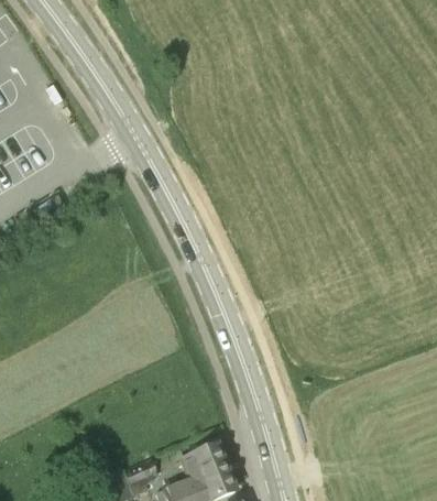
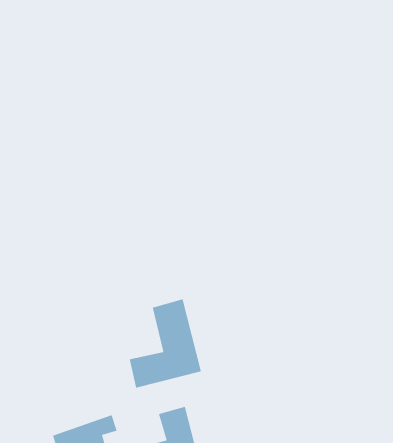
building: none -> [129,299,201,389]

